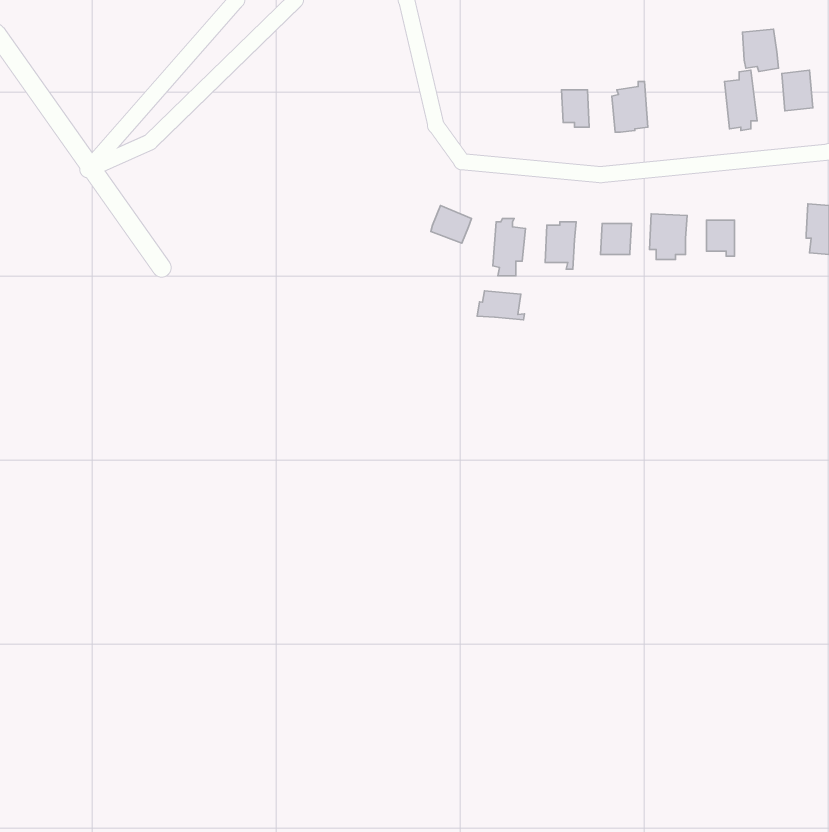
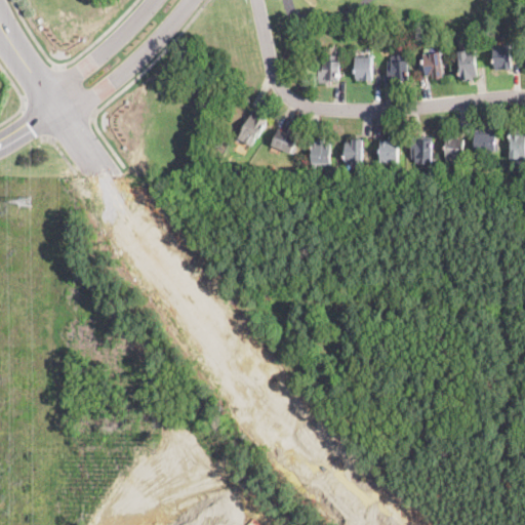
building: [743,29,778,71] -> [421,52,444,79]
building: none -> [317,53,340,84]
building: none -> [234,111,266,147]
building: none -> [474,130,494,151]
building: [477,291,524,320] -> none

